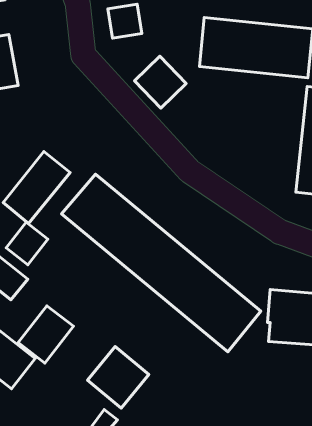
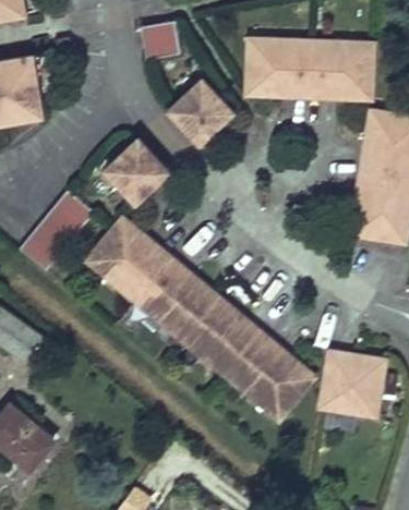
building: none -> [106,143,165,202]
building: [6,222,48,265] -> none
building: [18,306,73,363] -> none
building: [87,347,149,408] -> none

